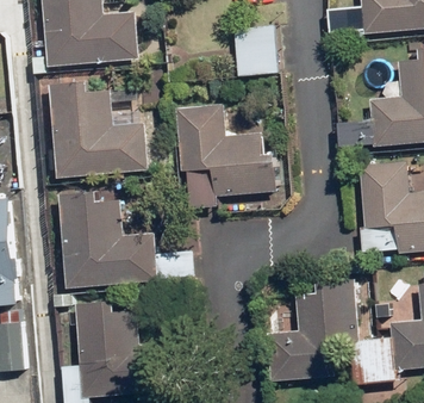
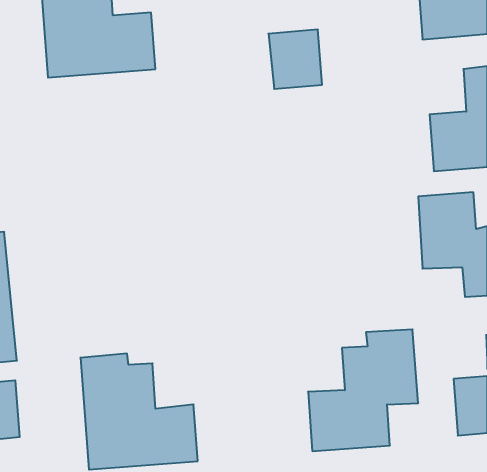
building: [49,80,148,176] -> none
building: [175,105,276,196] -> none
building: [58,191,157,289] -> none

